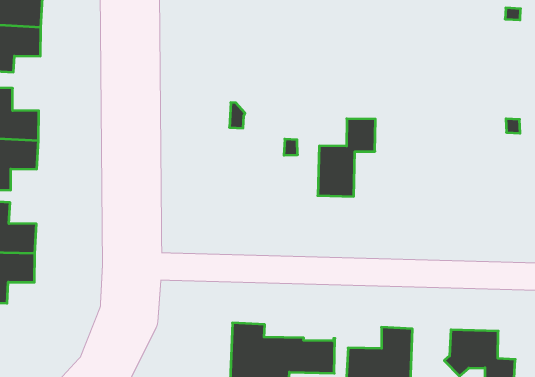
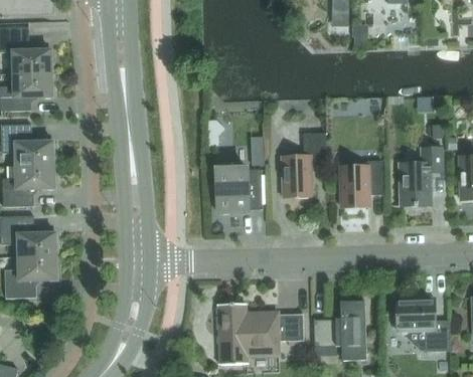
building: none -> [393,147,443,206]
building: none -> [215,165,263,211]
building: none -> [341,161,382,207]

